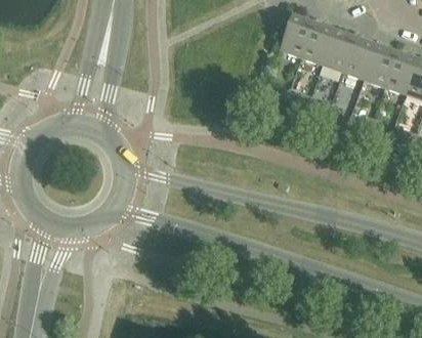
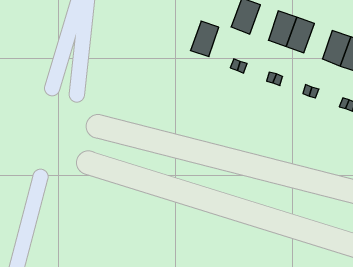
building: [300,22,333,62] -> [190,21,219,57]
building: [363,43,395,84] -> none

